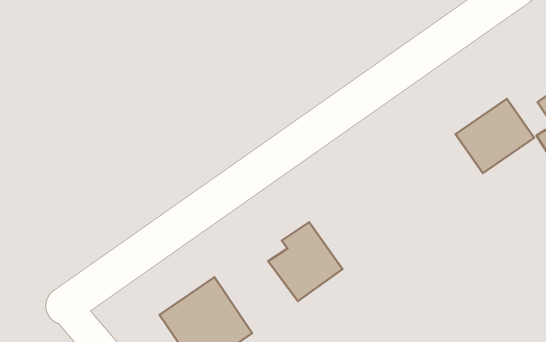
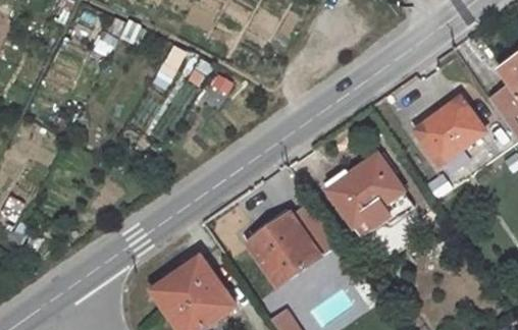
building: none -> [326,155,413,237]

